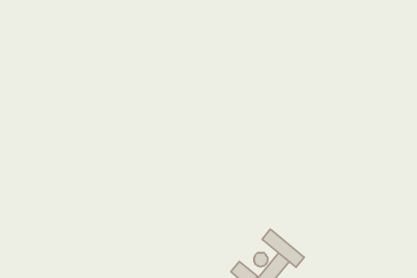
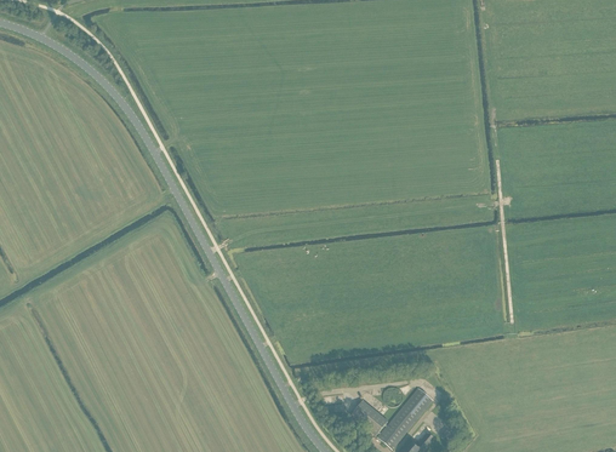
building: [262,229,304,267] -> none

